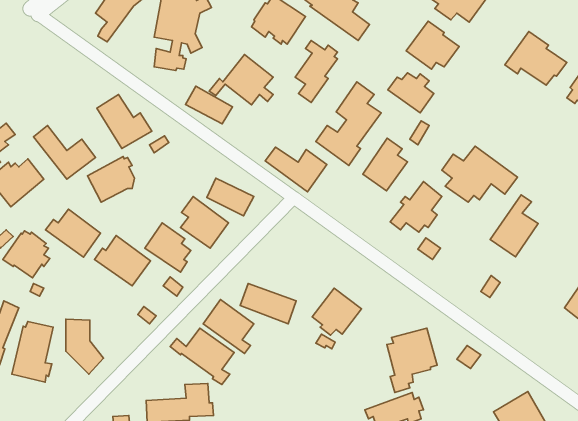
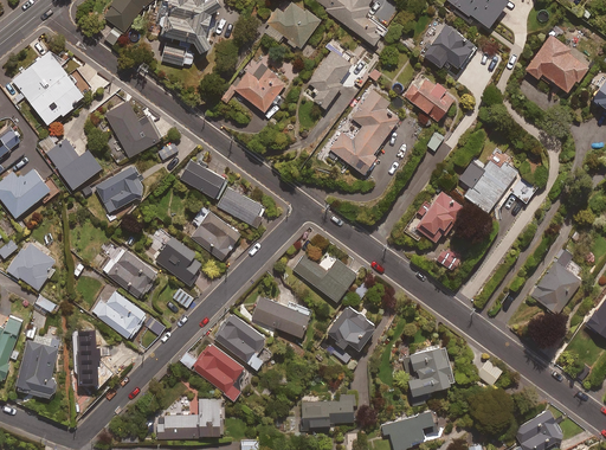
building: none -> [12,51,84,123]
building: [185,86,232,124] -> [180,160,228,199]
building: [363,138,408,191] -> none
building: [265,147,327,192] -> [294,256,357,302]
building: [490,195,538,257] -> [530,249,580,313]
building: [46,209,101,257] -> [91,290,148,340]
building: none -> [301,394,354,432]

